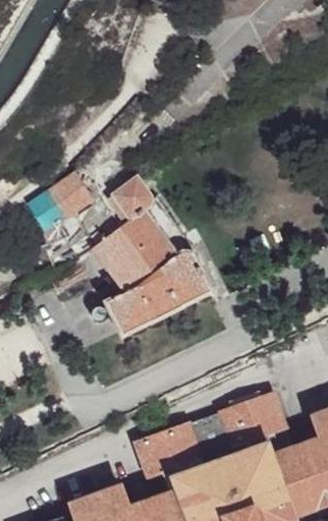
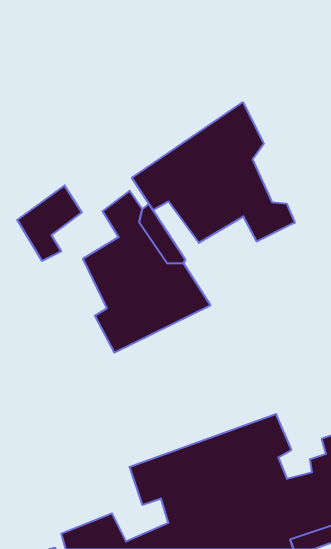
building: none -> [132,102,295,243]

